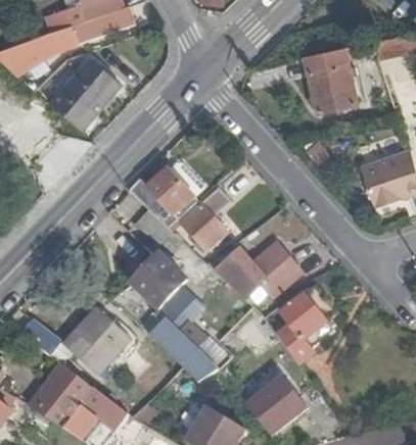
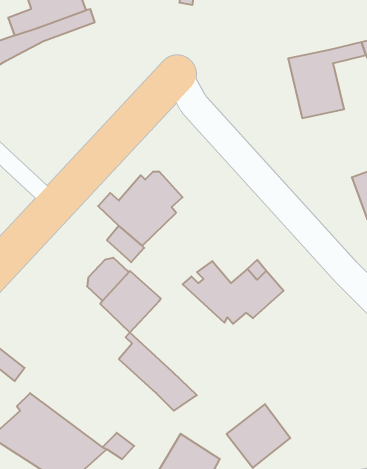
building: [51,60,120,132] -> none
building: [179,188,228,251] -> none
building: [157,280,206,346] -> none
building: [267,285,336,364] -> none
building: [64,308,130,375] -> none

